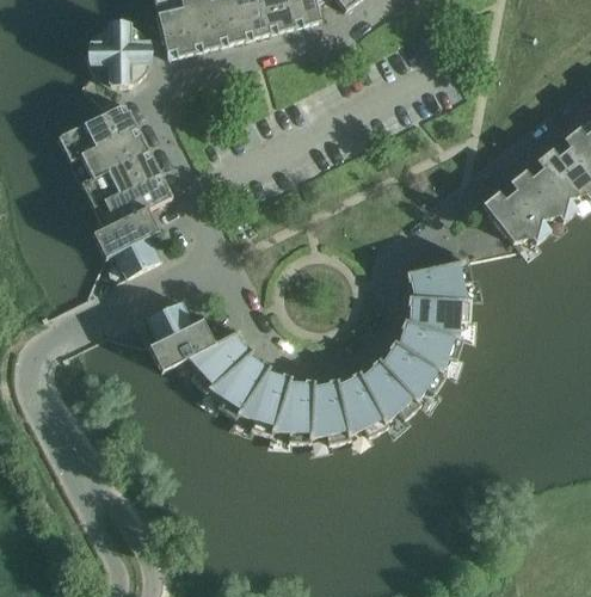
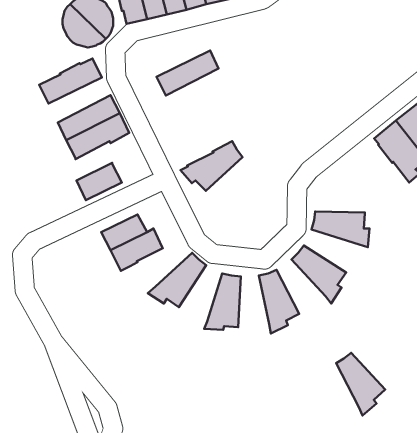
building: [69,123,148,180] -> [157,51,219,96]
building: [93,204,160,254] -> none
building: [406,246,484,297] -> none
building: [394,316,464,378] -> none
building: [173,326,252,389] -> [180,141,242,191]
building: [359,355,421,435] -> [336,353,385,416]
building: [229,362,290,433] -> none
building: [310,375,350,451] -> none

